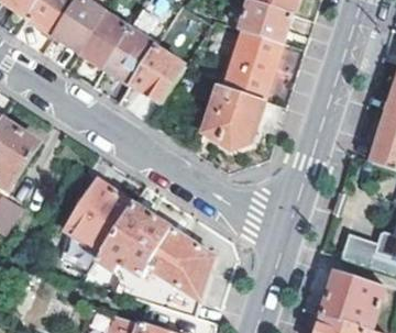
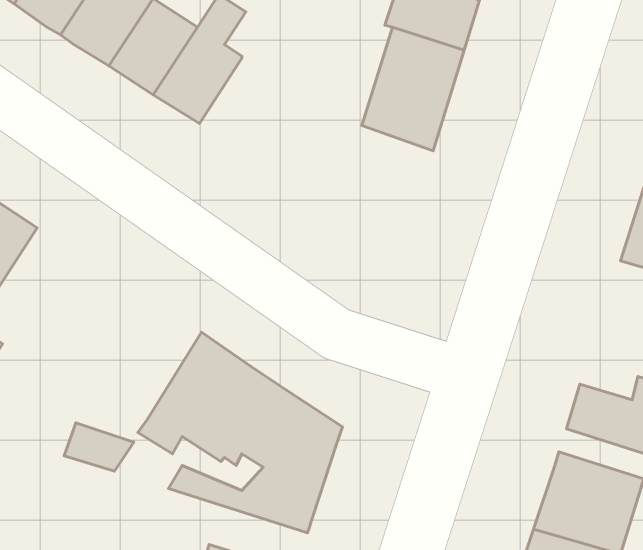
building: [131,46,184,103] -> none
building: [201,81,264,148] -> none
building: [65,179,132,252] -> none

